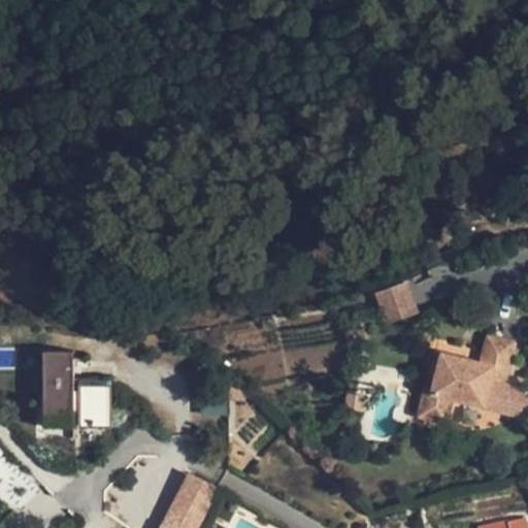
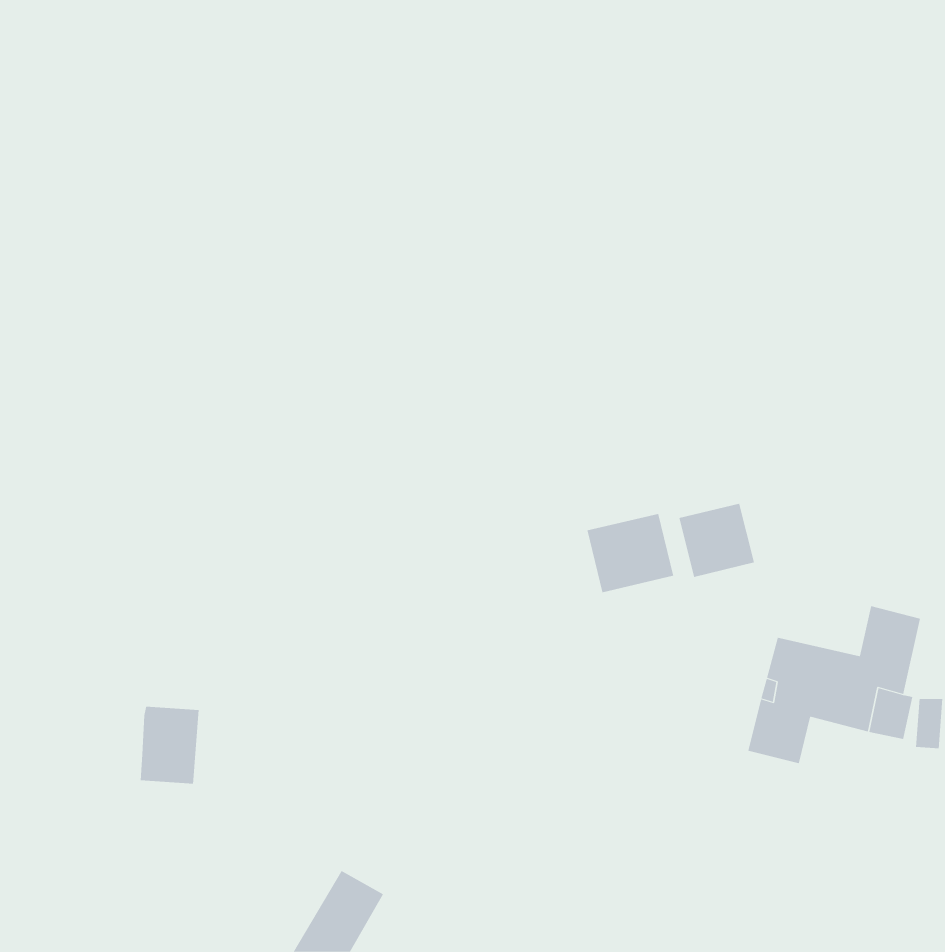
building: none -> [587,513,674,593]
building: [44,355,76,418] -> none

